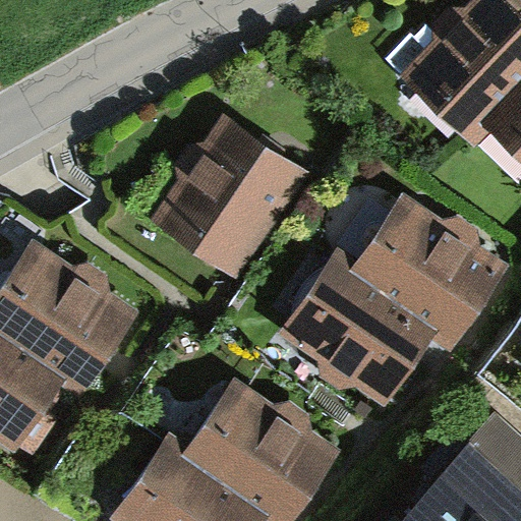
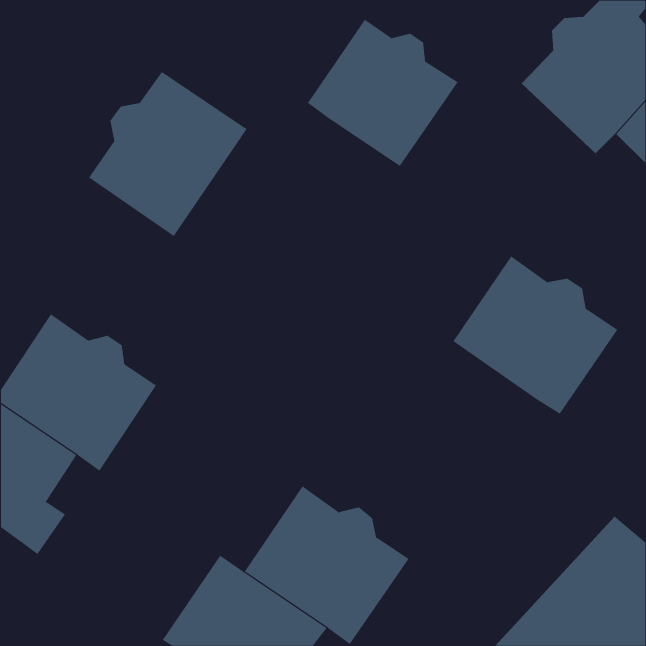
building: none -> [307,19,458,167]
building: [169,122,297,255] -> [88,71,247,237]
building: [298,262,431,390] -> none

